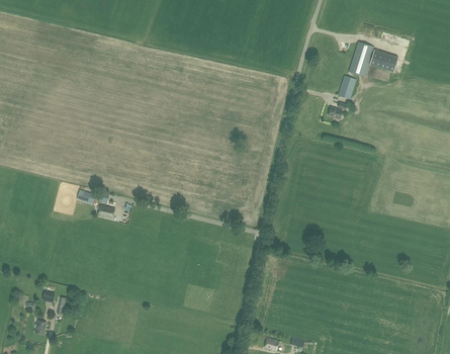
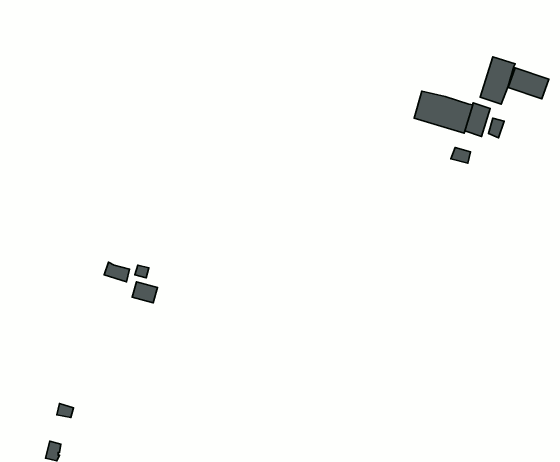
building: none -> [414,91,473,133]

